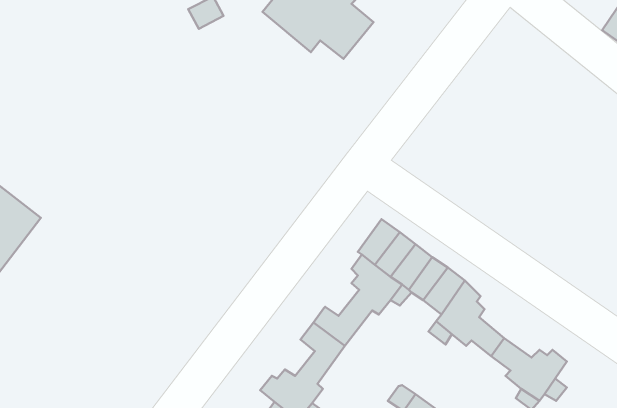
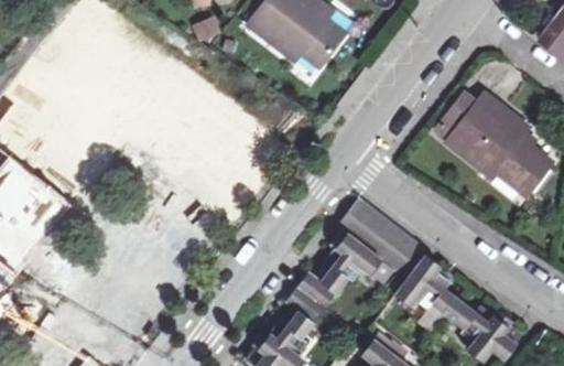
building: none -> [440,100,547,198]

